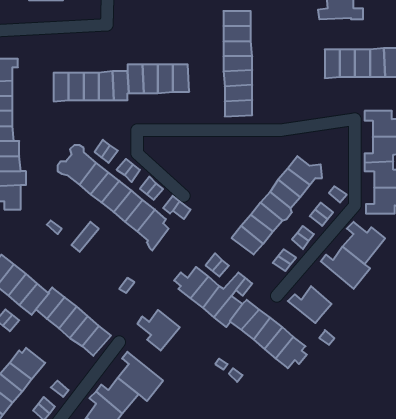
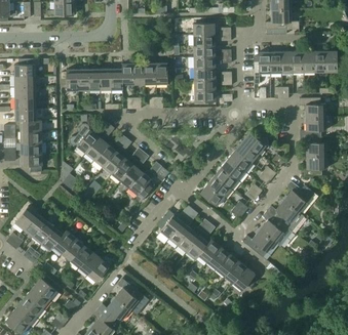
building: none -> [254,52,270,84]
building: none -> [260,211,292,246]
building: [138,310,180,351] -> none

